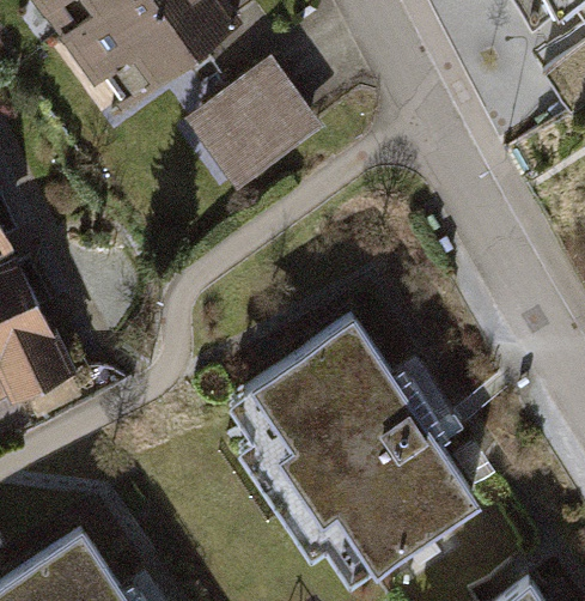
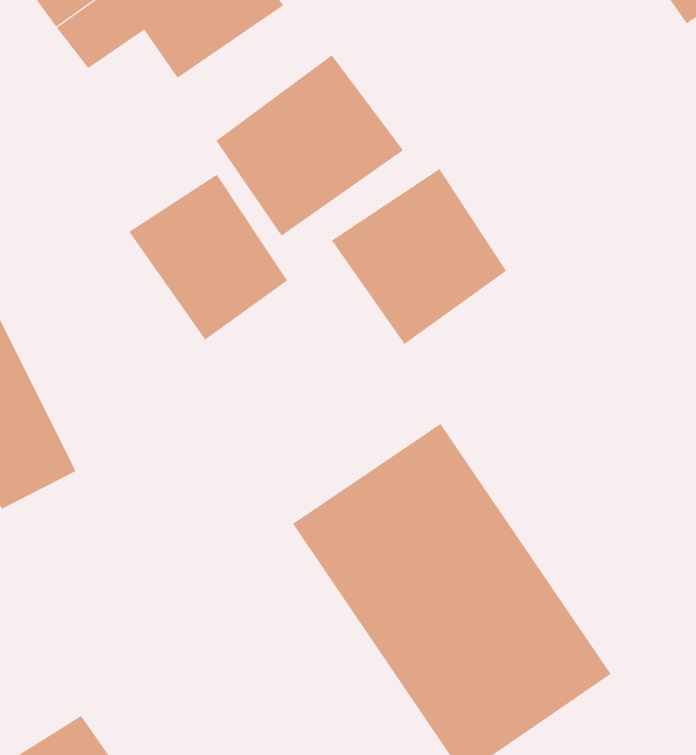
building: none -> [331,168,507,345]
building: none -> [129,174,288,341]

